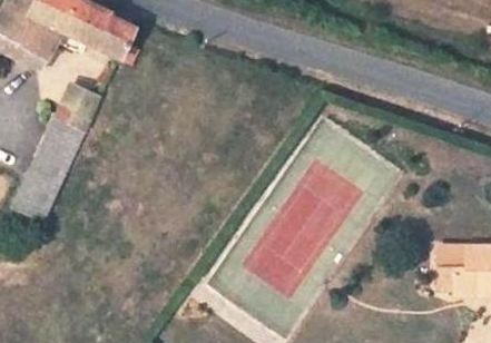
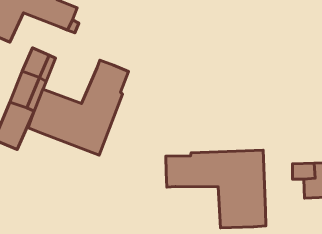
building: none -> [28,60,129,155]
building: none -> [166,150,266,228]

